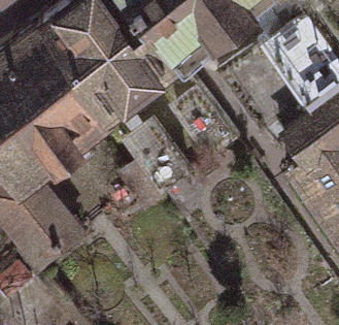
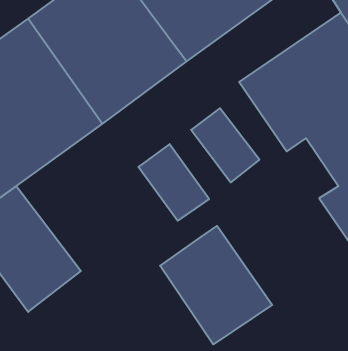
building: none -> [160,226,272,344]

